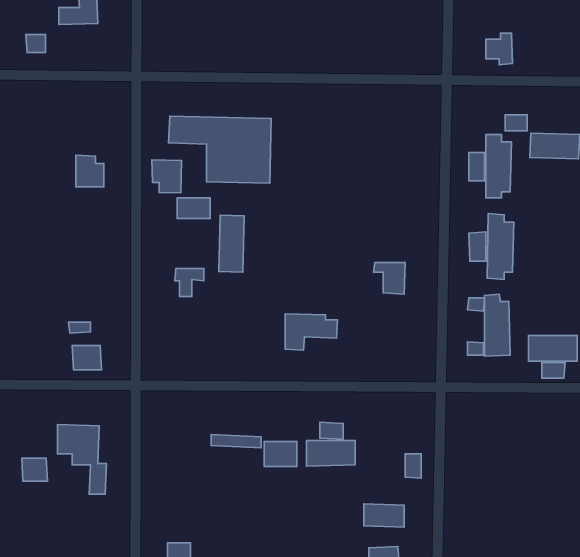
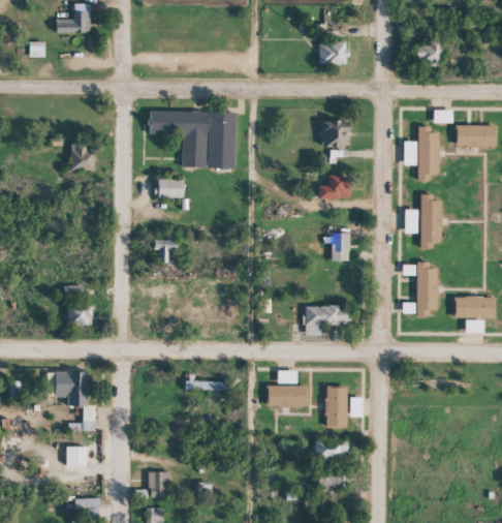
building: none -> [320,41,347,64]
building: none -> [323,120,351,148]
building: [152,160,182,193] -> none
building: none -> [319,175,350,198]
building: [219,215,244,272] -> none
building: [285,314,338,350] -> [306,305,350,336]
building: none -> [326,386,347,427]
building: [264,441,297,467] -> none
building: [22,458,47,481] -> [66,447,88,466]

